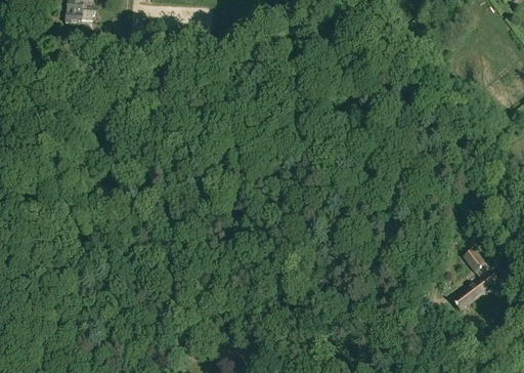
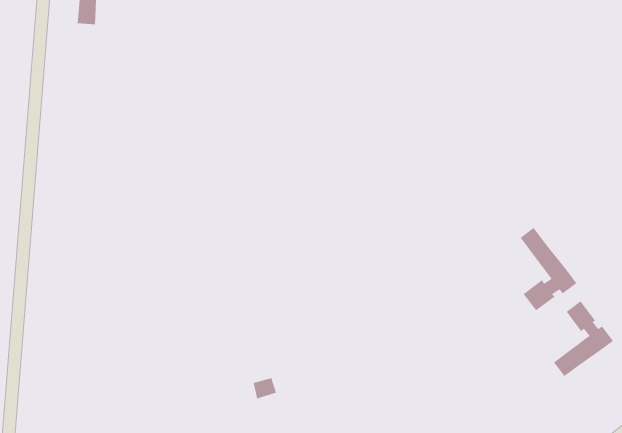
building: none -> [520,227,577,311]

